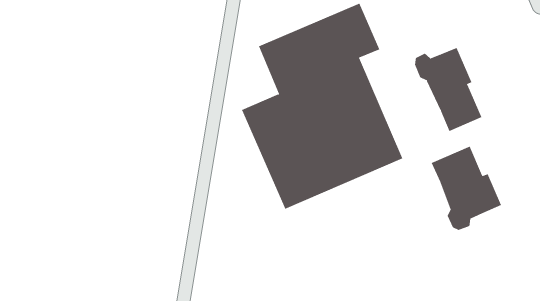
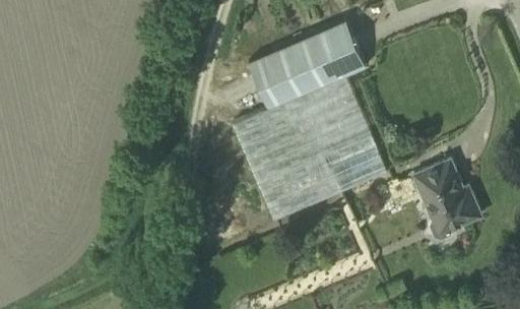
building: [414,47,482,132] -> none

